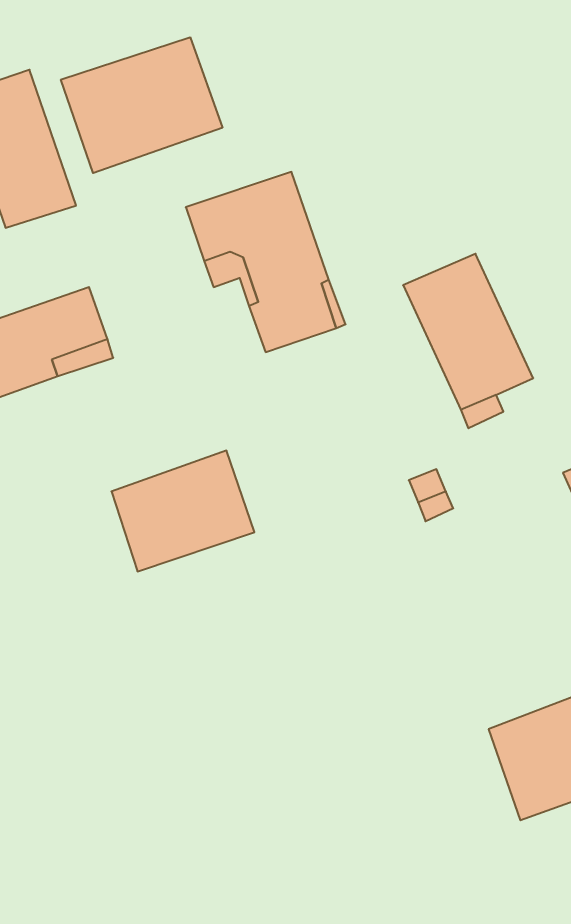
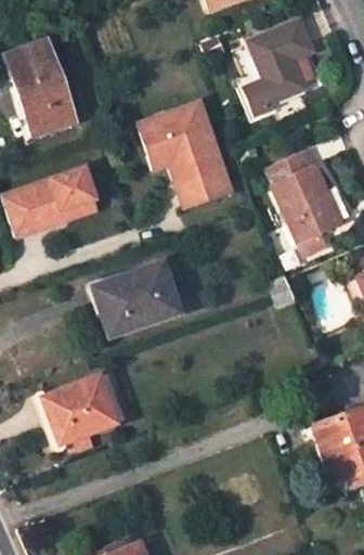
building: none -> [247,22,314,112]
building: [61,37,222,173] -> none
building: none -> [46,378,115,442]

